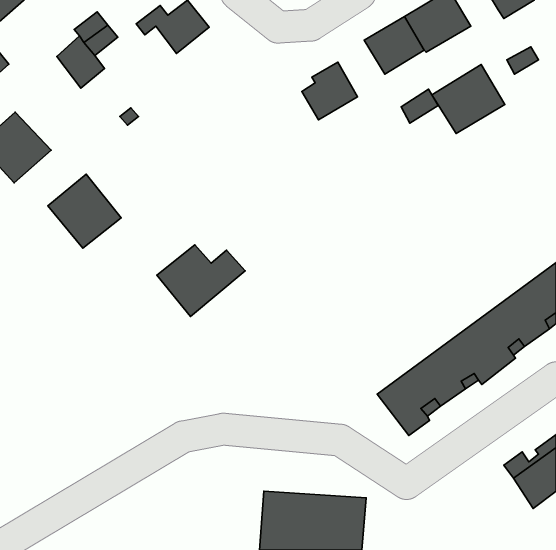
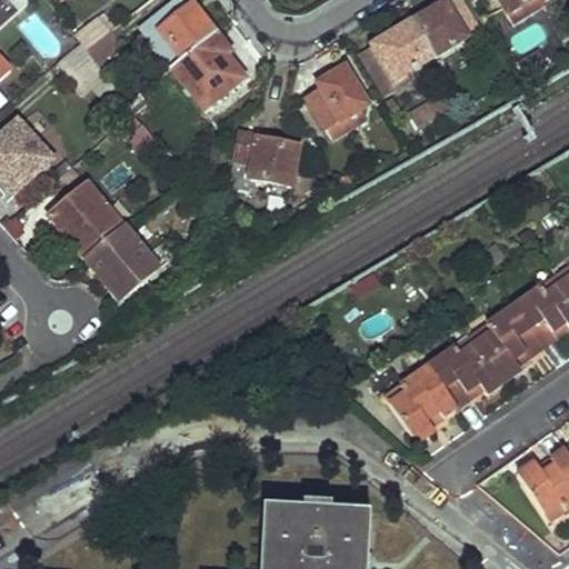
building: none -> [169,28,243,106]
building: [432,65,505,134] -> none
building: none -> [229,129,297,188]
building: [157,245,245,317] -> [84,222,174,296]

